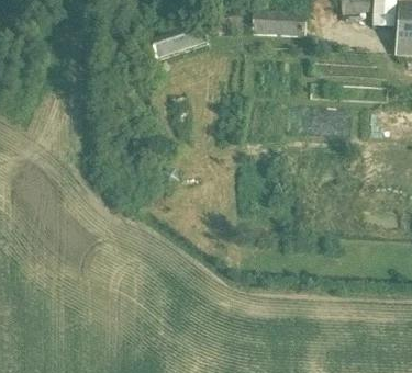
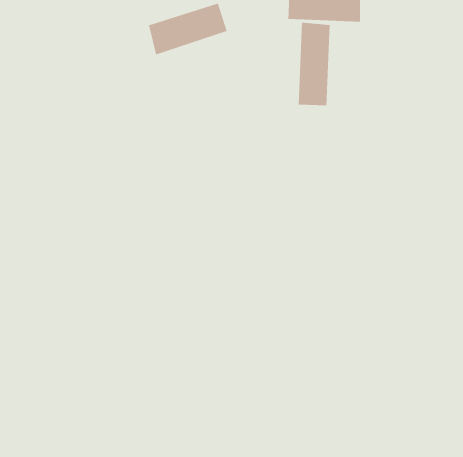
building: none -> [298,22,330,106]

